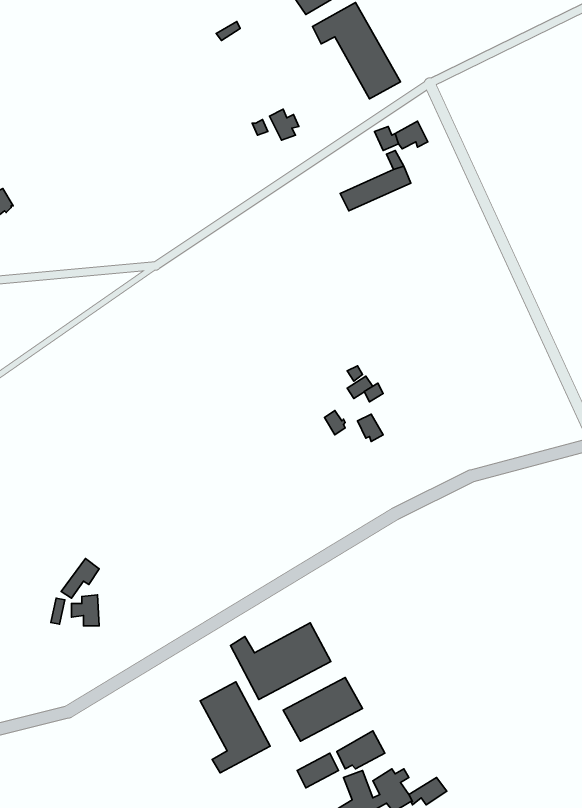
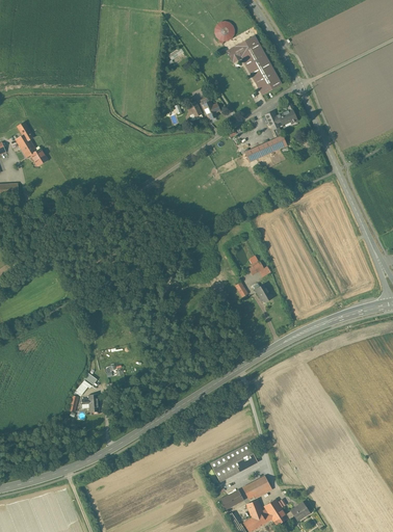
building: [230,623,331,699] -> none
building: [200,682,270,773] -> none

